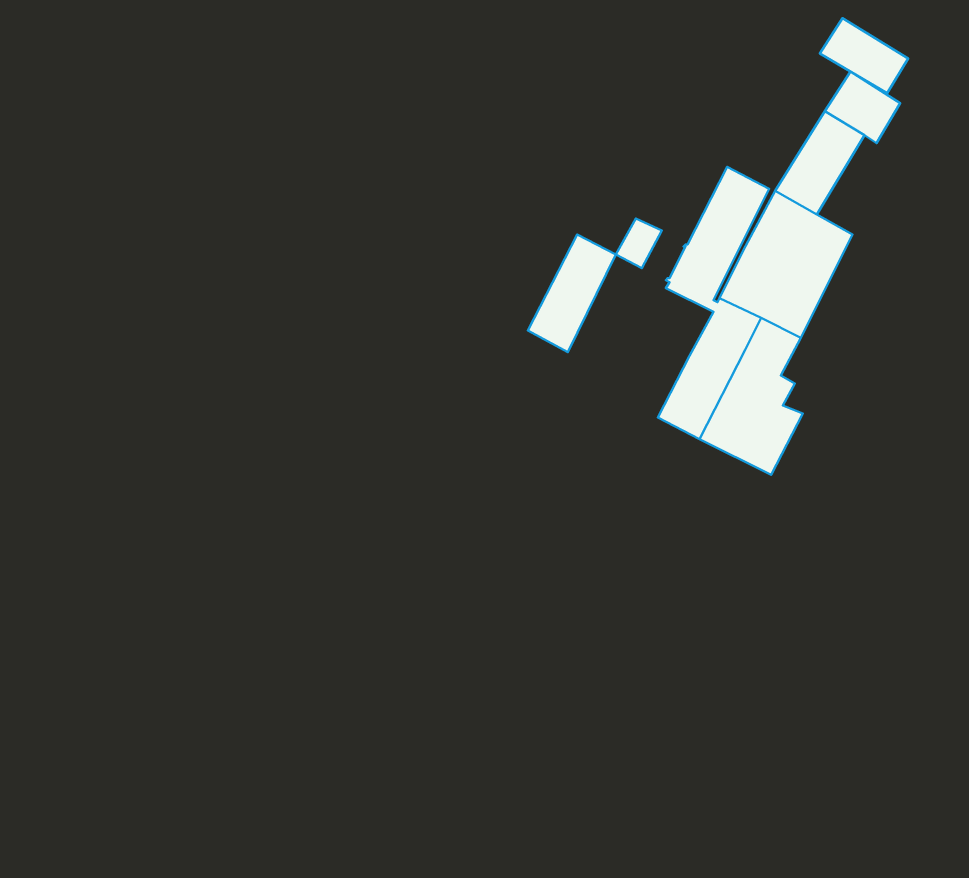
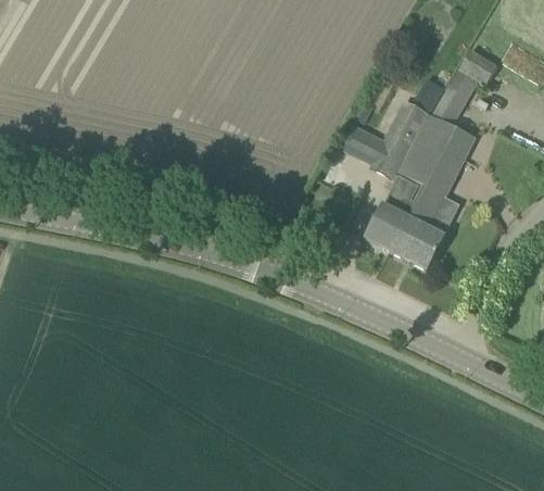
building: [820,18,908,93] -> none
building: [528,235,616,352] -> none

